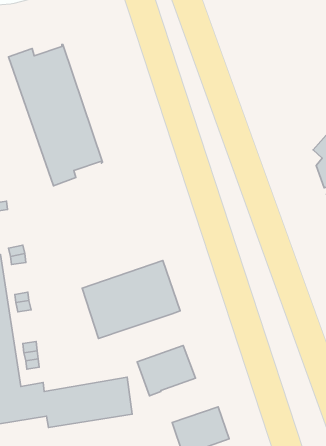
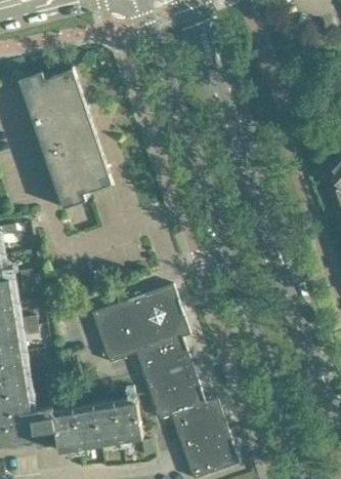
building: none -> [137,337,195,386]
building: none -> [172,398,229,446]

